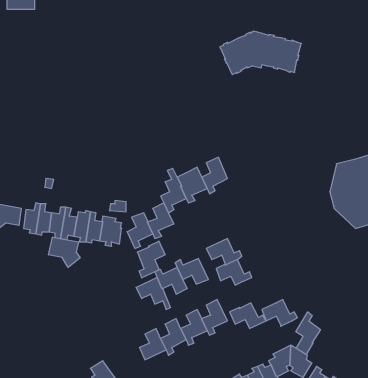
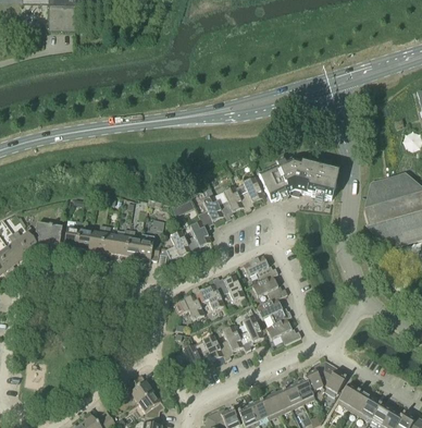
building: [220,31,301,75] -> [259,159,338,201]
building: [49,237,80,267] -> none
building: [137,241,165,278] -> none
building: [262,300,297,326] -> [257,298,291,325]
building: [296,312,320,354] -> none

